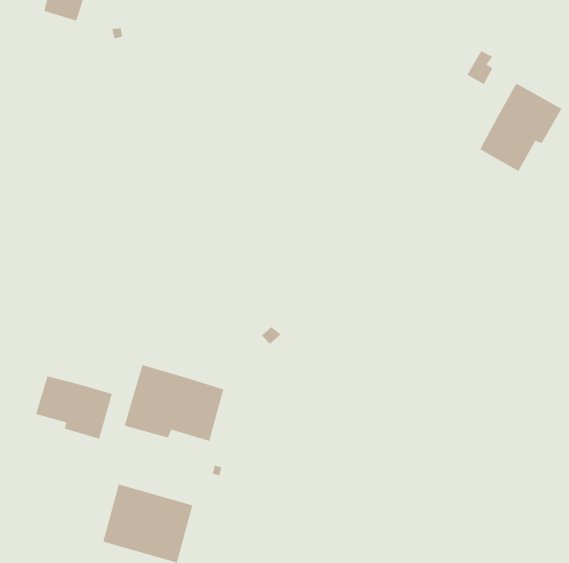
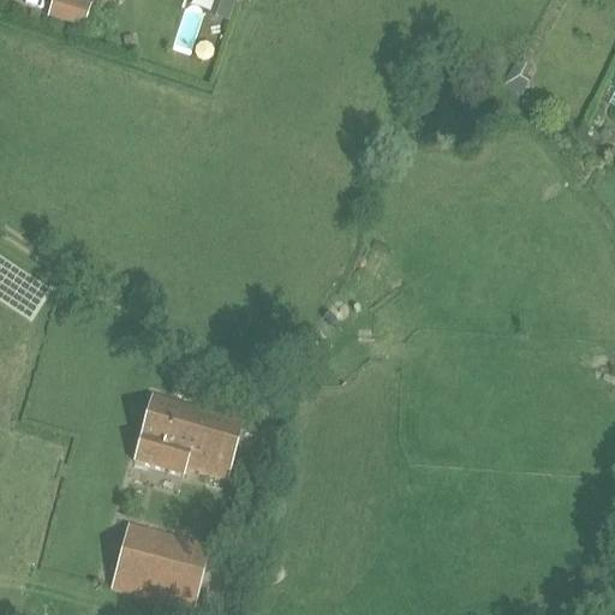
building: [479,83,562,172] -> none
building: [35,375,112,440] -> none

